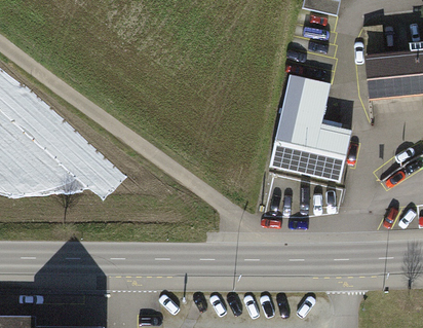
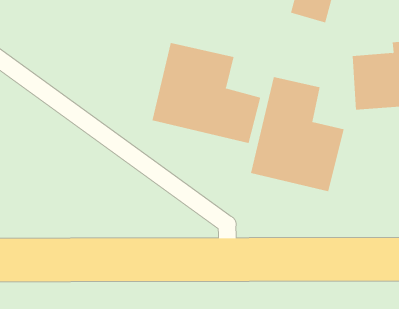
building: none -> [152,42,261,144]

